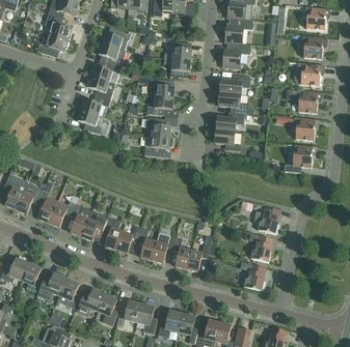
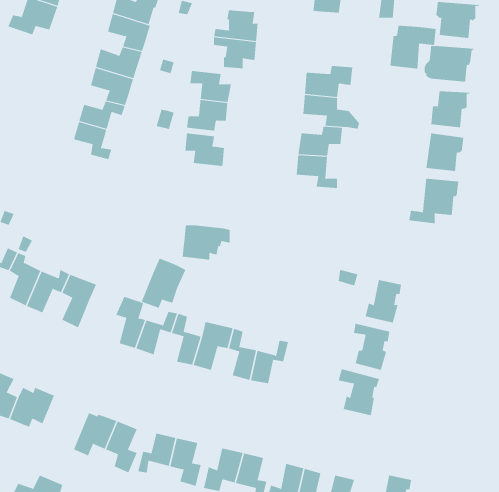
building: [221,41,250,68] -> [389,25,437,69]
building: [143,135,173,156] -> [182,225,231,260]
building: [80,209,108,240] -> [141,258,186,308]
building: [58,278,81,309] -> none

